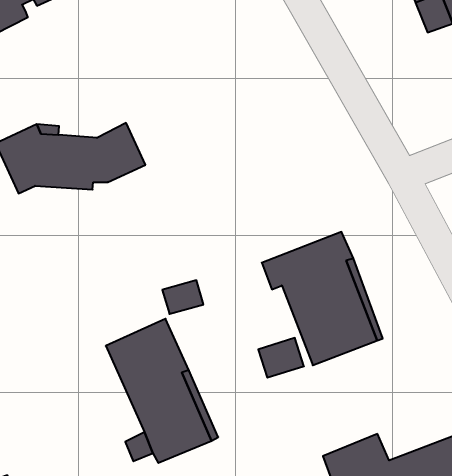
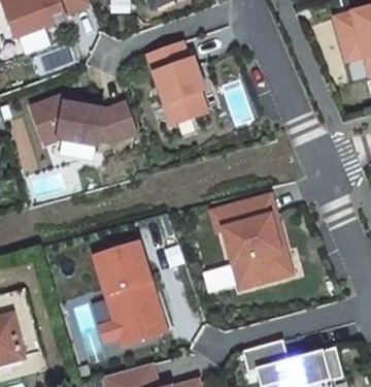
building: none -> [147,40,206,123]

